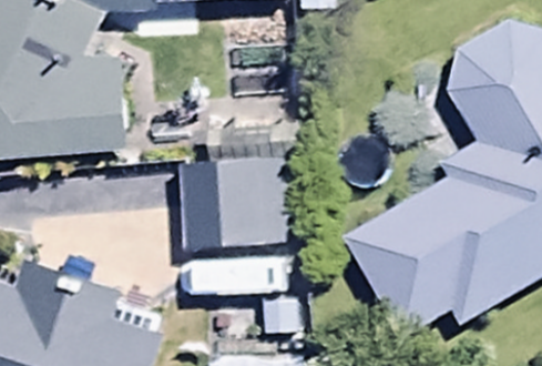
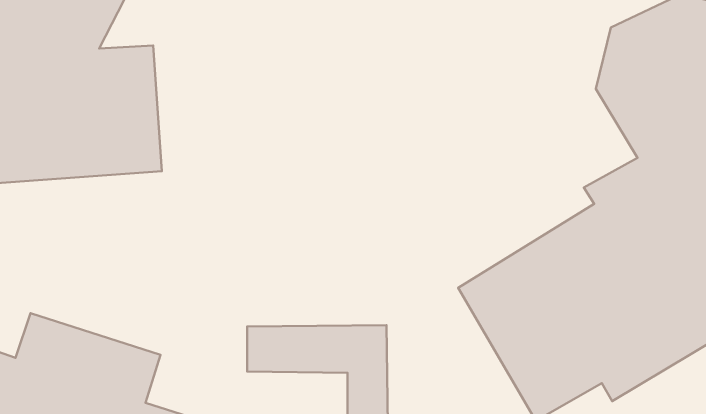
building: [183,156,300,251] -> none

